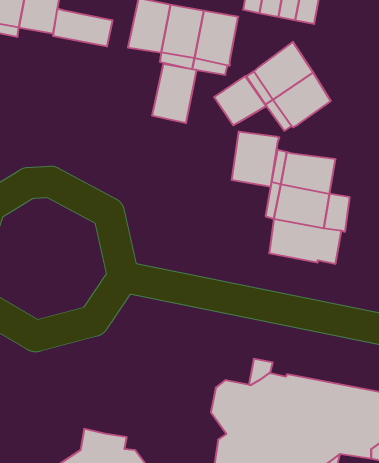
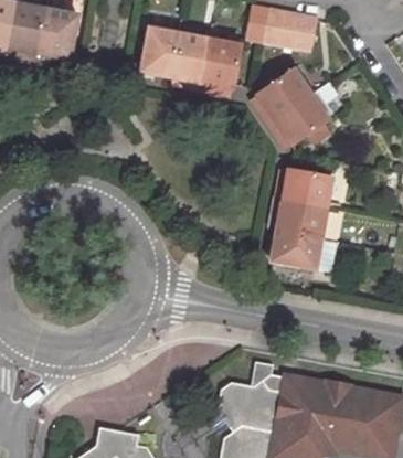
building: [53,8,113,47] -> none
building: [152,64,197,123] -> none
building: [214,76,266,125] -> none
building: [232,131,279,187] -> none

